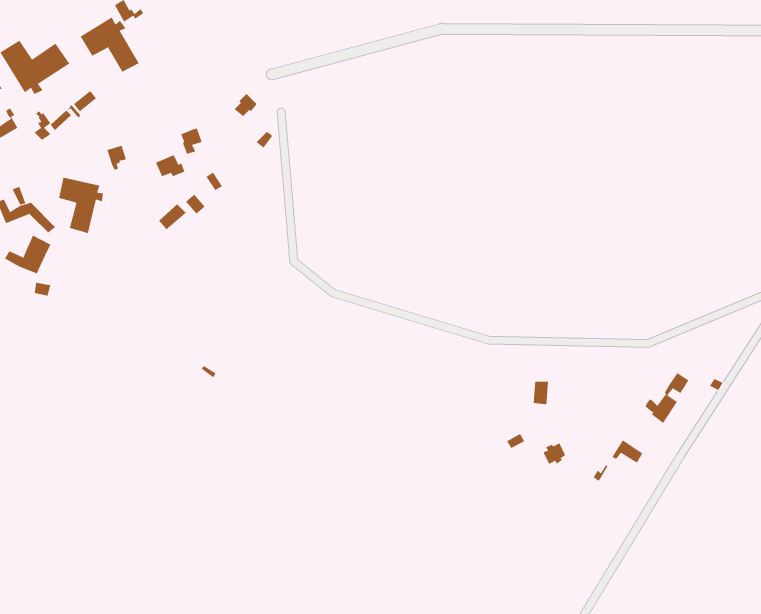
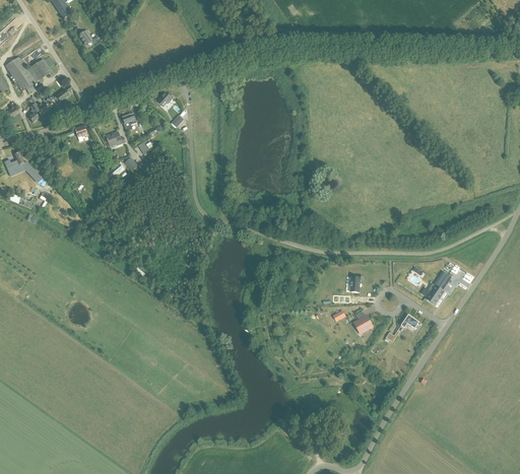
building: [80,16,139,73] -> none
building: [58,177,103,234] -> none

